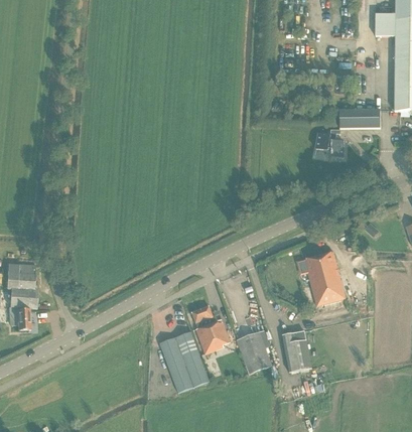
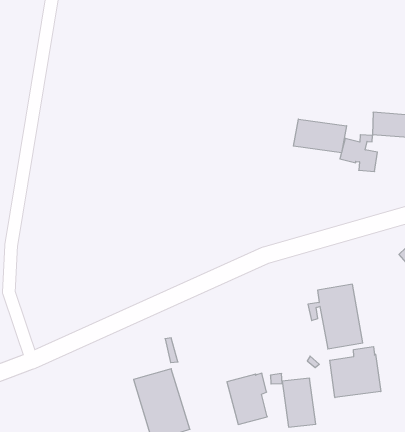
building: none -> [293,119,347,153]
building: none -> [330,347,381,398]
building: [191,305,230,352] -> none

